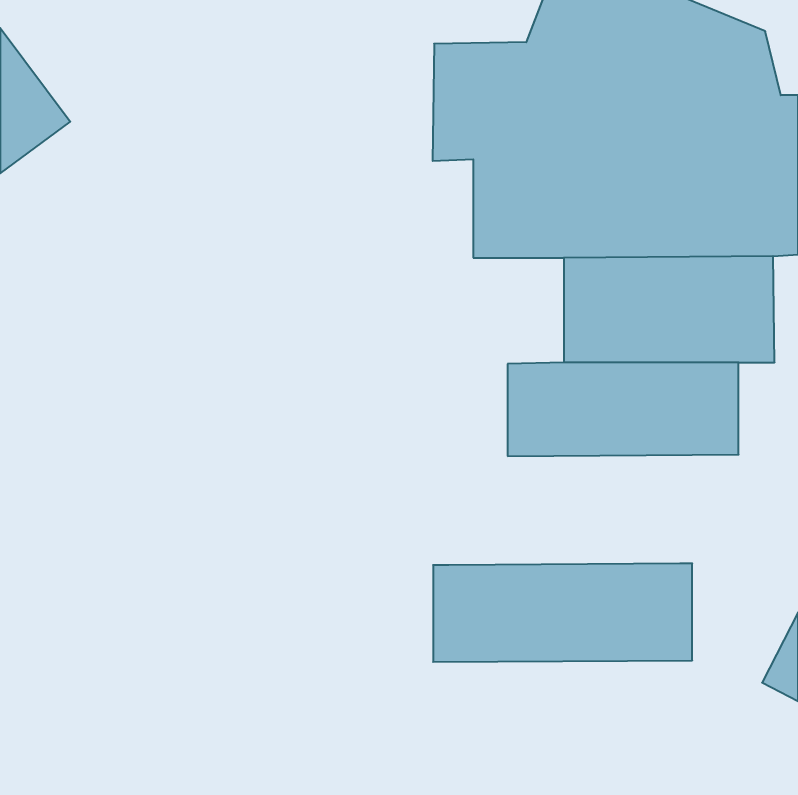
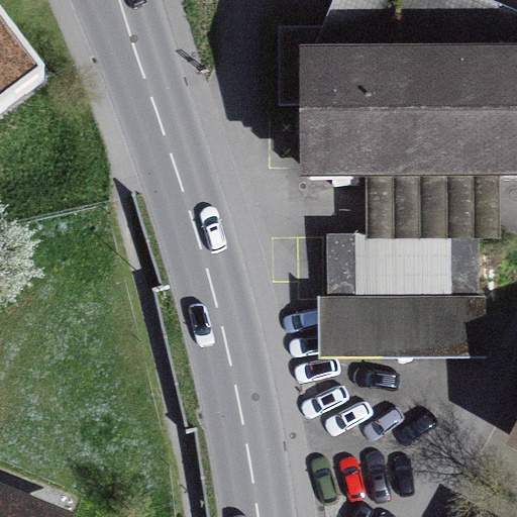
building: [433,563,692,662] -> [318,294,486,357]

